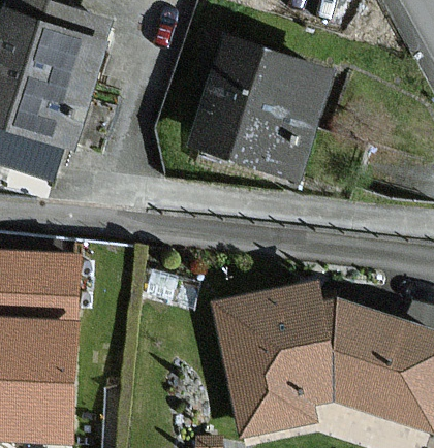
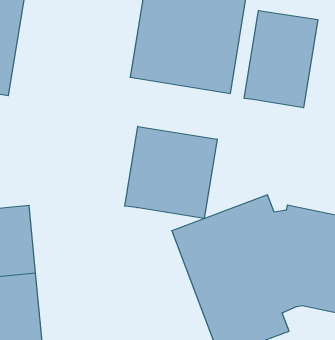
building: none -> [244,10,318,108]
building: none -> [125,126,217,219]

